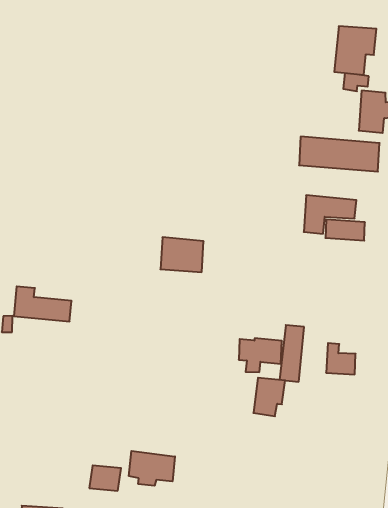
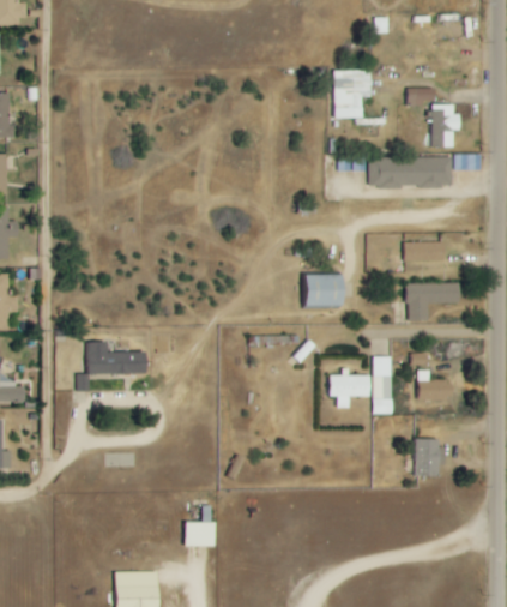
building: [334,26,376,75] -> [332,70,372,119]
building: [304,195,356,234] -> [408,283,460,321]
building: [160,237,204,272] -> [301,275,345,308]
building: [253,378,285,416] -> [415,439,445,477]
building: [129,451,175,486] -> none

